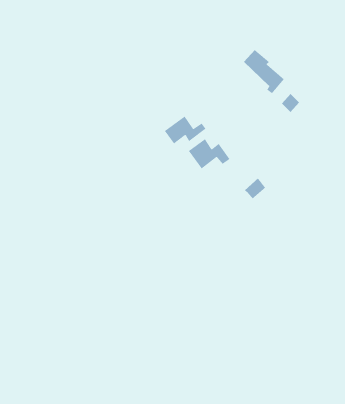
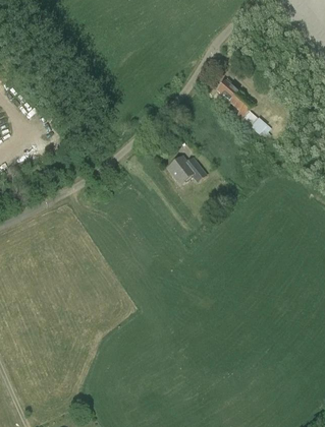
building: [164,116,207,145] -> none

